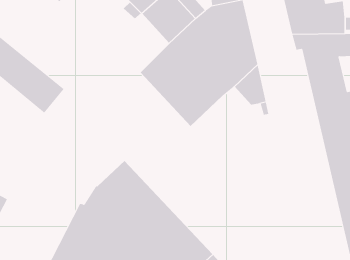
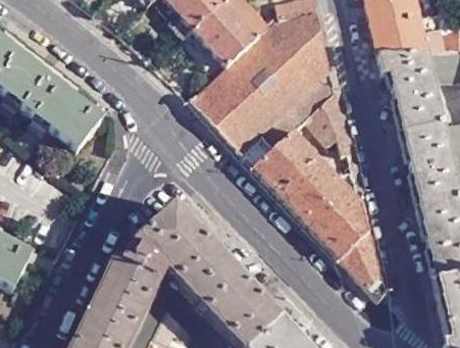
building: none -> [253,129,382,299]

